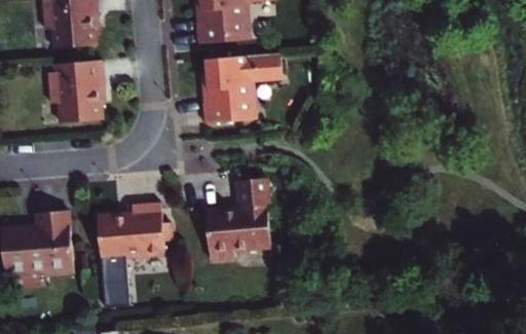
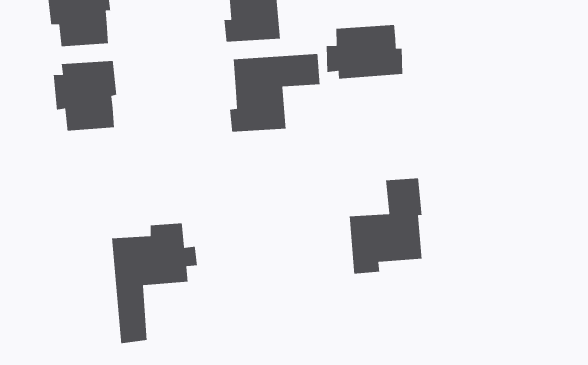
building: none -> [326,24,403,79]
building: [205,179,270,264] -> [349,177,422,274]
building: [9,209,81,274] -> none

